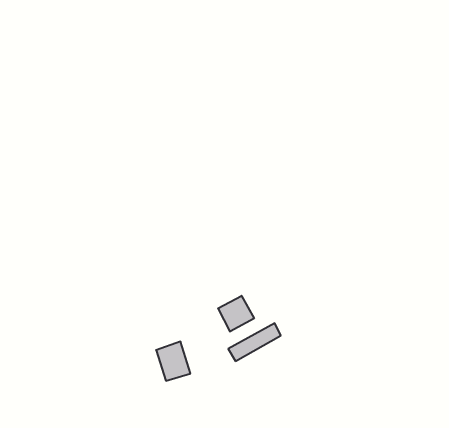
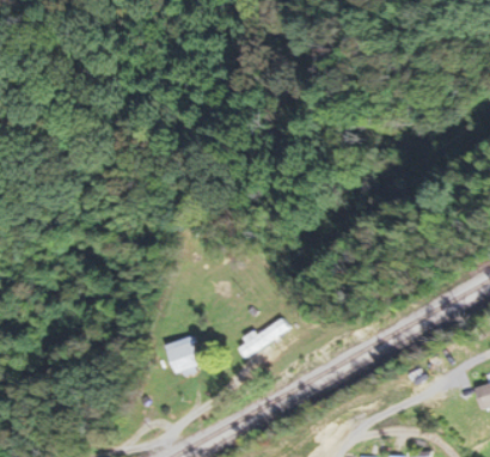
building: [218,296,254,332] -> none

